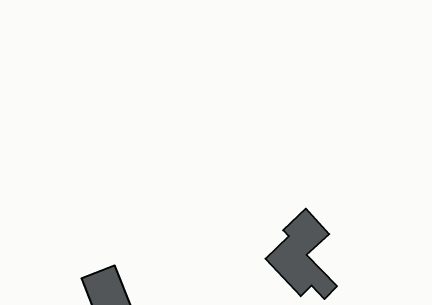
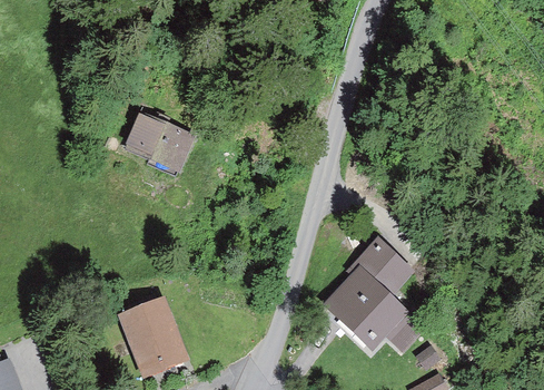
building: none -> [123,110,194,169]

